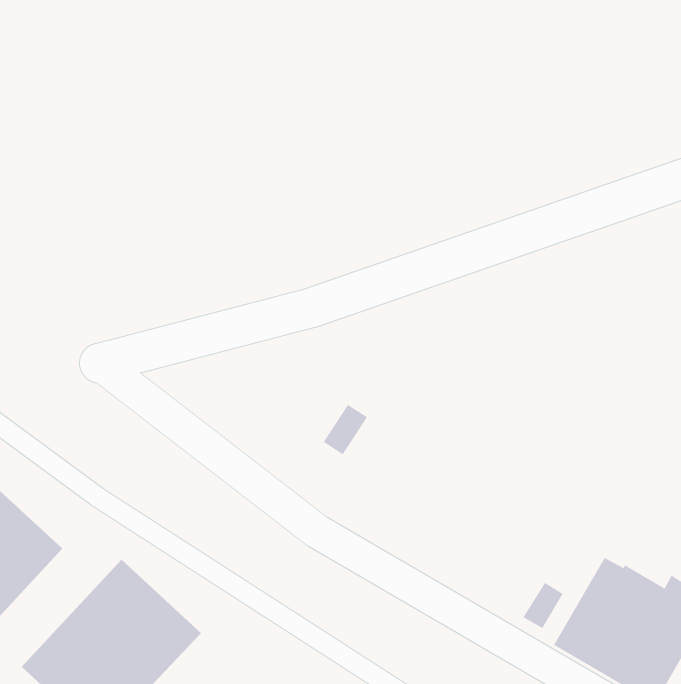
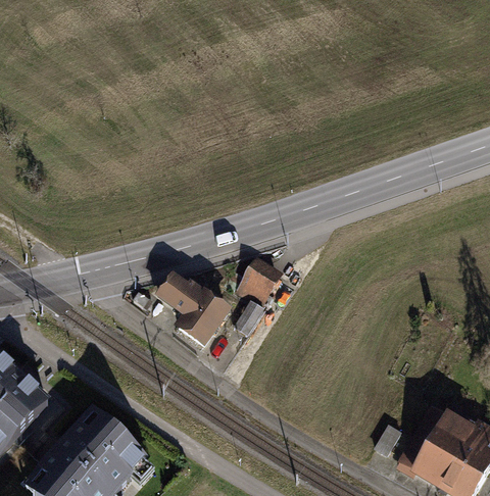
building: none -> [236,255,284,304]
building: none -> [155,269,233,346]

